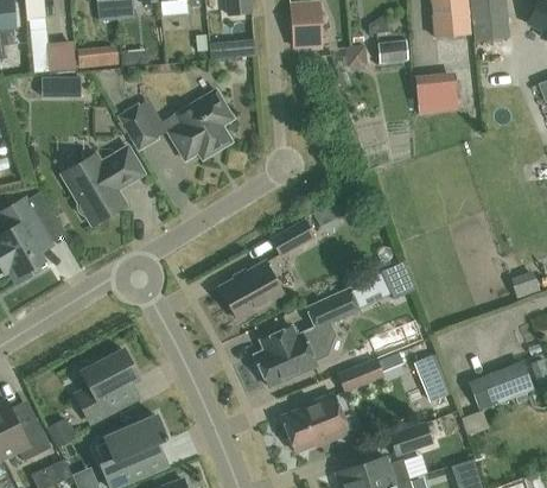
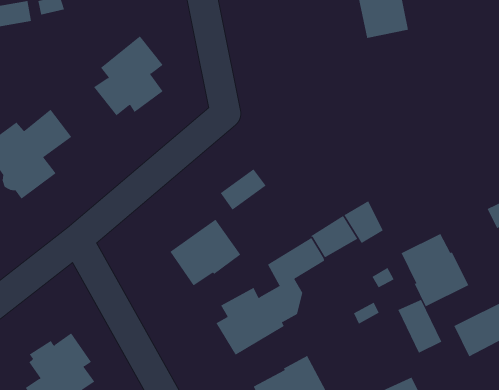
building: [119,104,157,148] -> none
building: none -> [401,233,469,307]
building: [338,359,382,391] -> none

